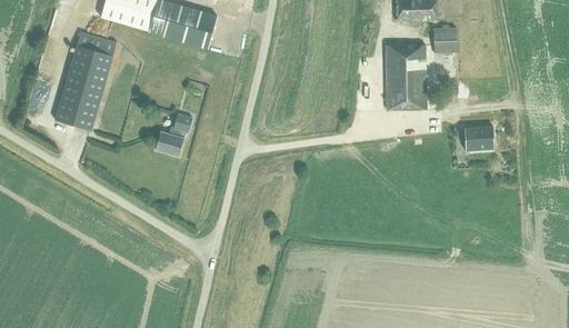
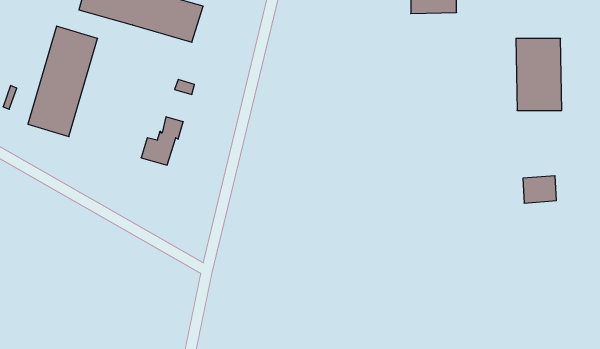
building: [433,27,456,52] -> none
building: [385,44,426,109] -> [516,38,562,110]
building: [463,126,493,150] -> [523,176,556,203]

